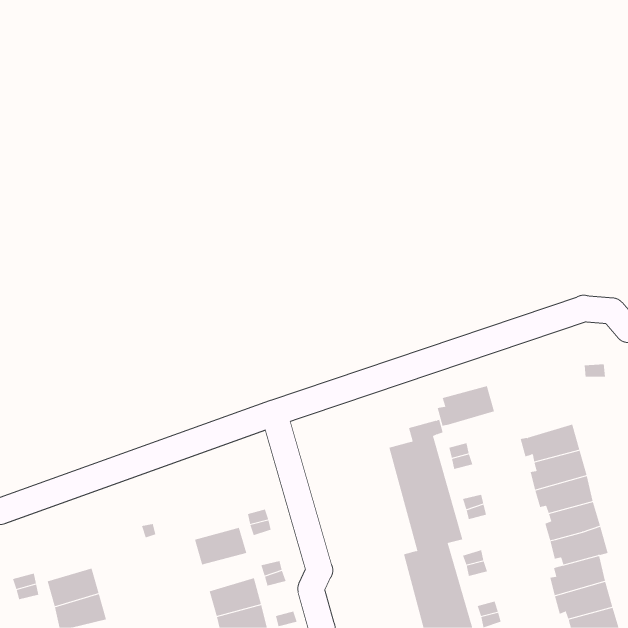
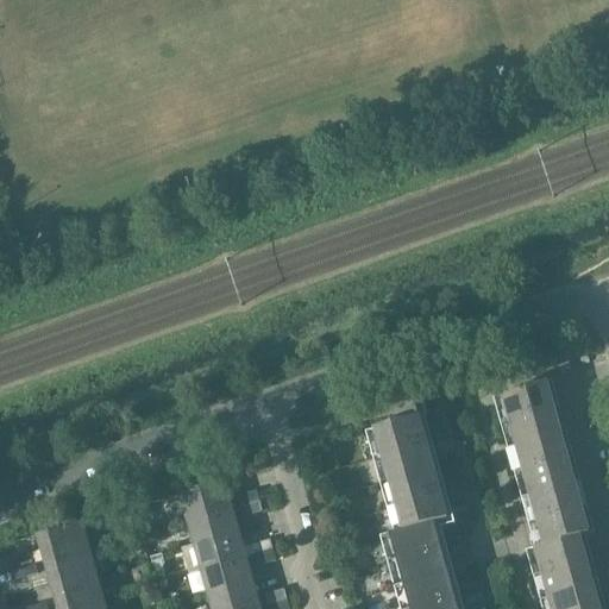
building: [437,386,495,426] -> [498,385,554,425]
building: none -> [181,484,232,522]
building: none -> [38,525,89,563]
building: none -> [183,535,246,576]

